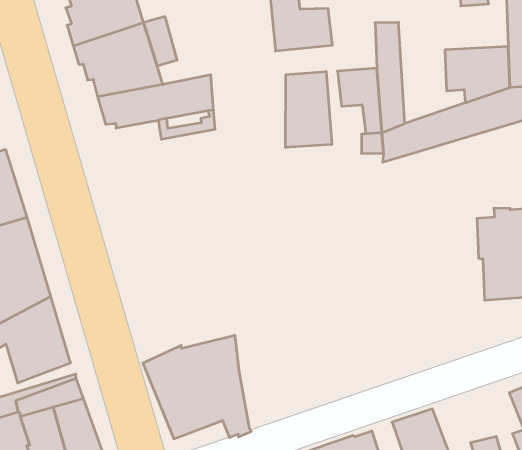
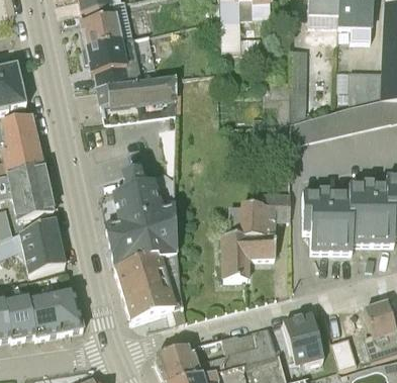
building: [286,71,332,148] -> none
building: none -> [106,169,179,269]
building: none -> [300,189,353,252]
building: none -> [219,191,289,279]

